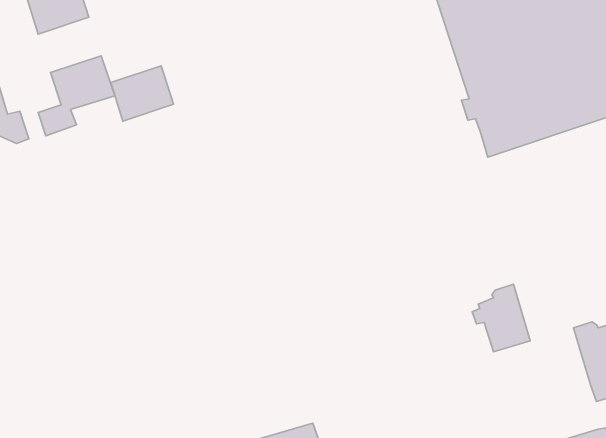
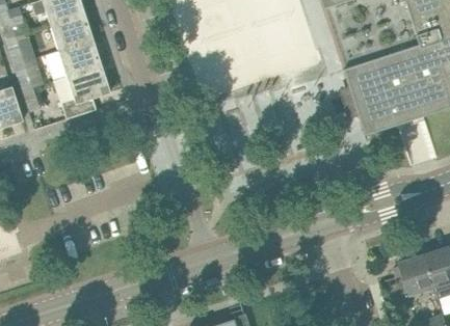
building: [111,66,174,121] -> [59,39,102,77]
building: [472,284,530,352] -> [394,249,433,295]

